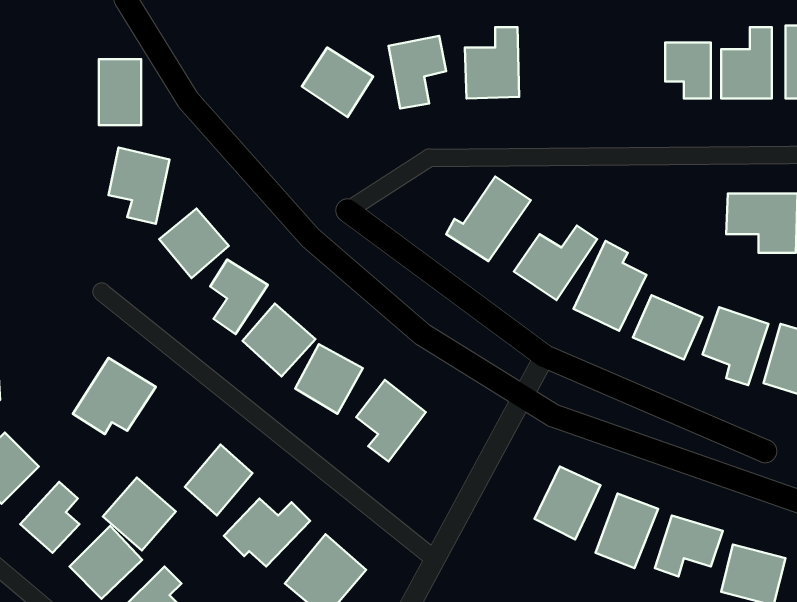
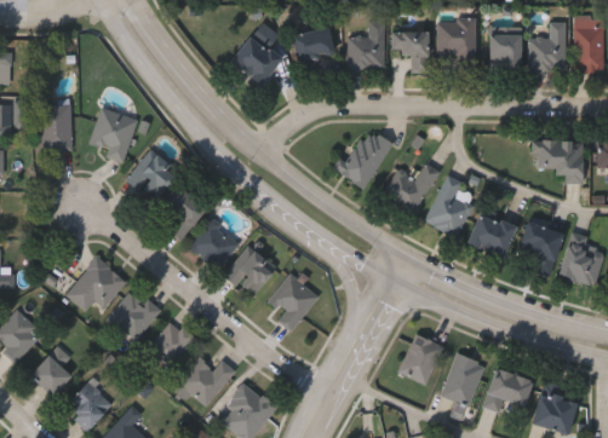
building: none -> [437,16,477,67]
building: none -> [392,27,429,71]
building: [99,59,141,125] -> [41,103,71,150]
building: [103,477,176,550] -> [108,289,160,341]

